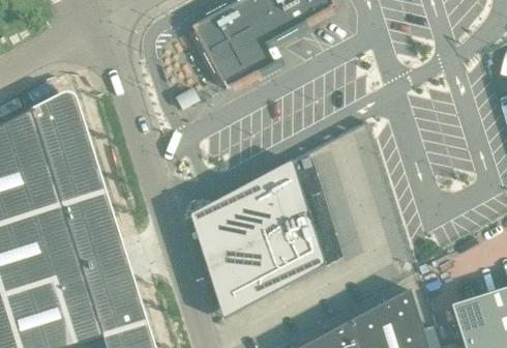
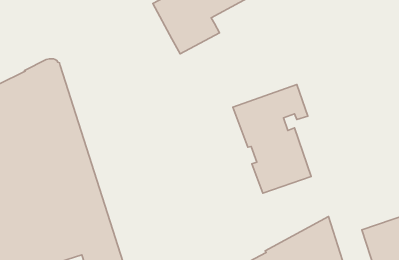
building: [190,161,325,319] -> none

